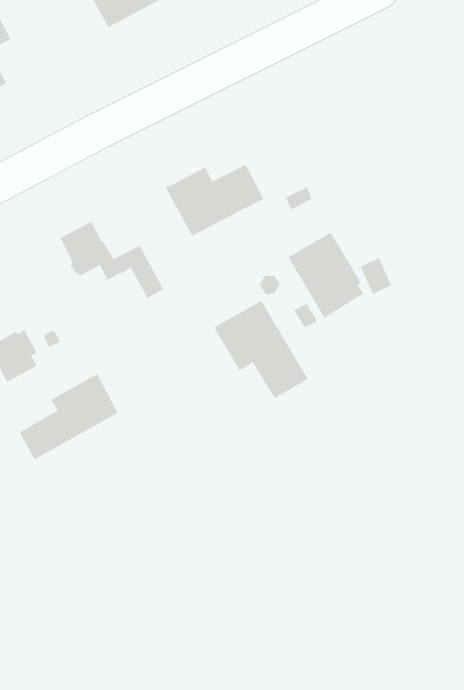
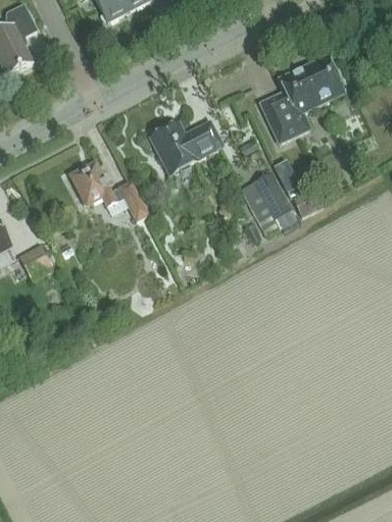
building: none -> [259,56,343,143]
building: [213,300,308,399] -> none
building: [19,373,118,460] -> none

